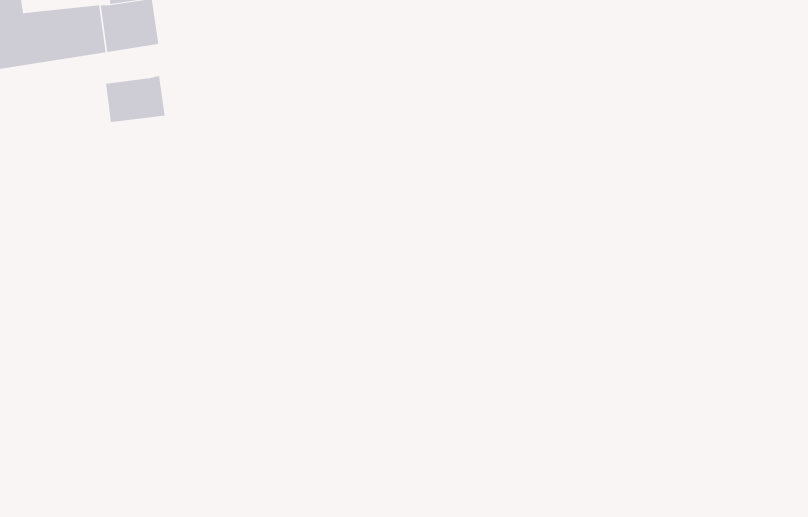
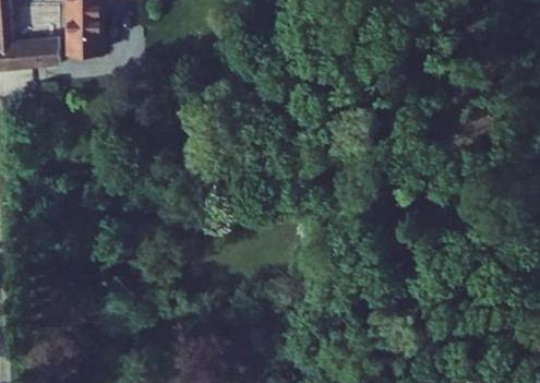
building: [105,75,165,123] -> none

